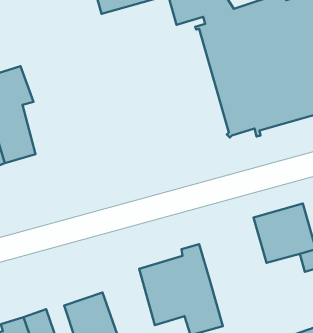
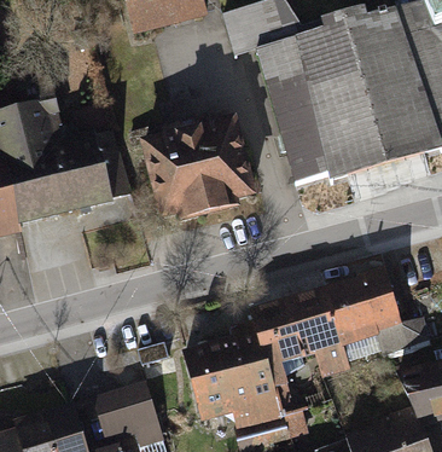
building: none -> [42,117,127,209]
building: none -> [139,118,250,219]
building: none -> [255,286,348,373]

